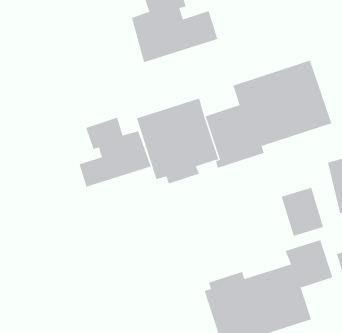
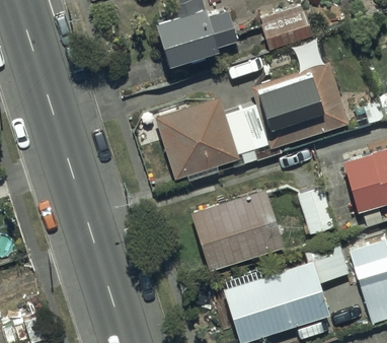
building: none -> [261,8,312,51]
building: [79,117,152,187] -> none
building: none -> [188,190,283,273]

